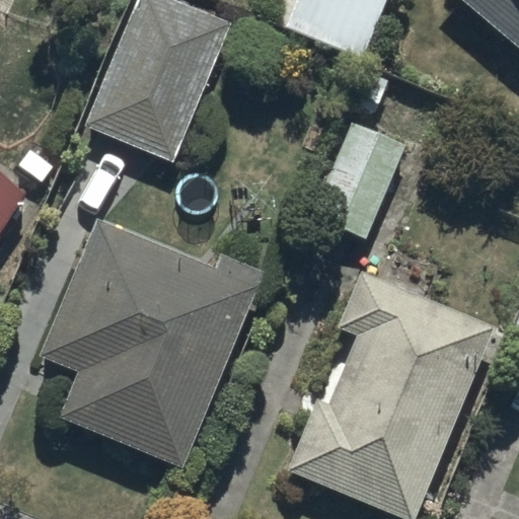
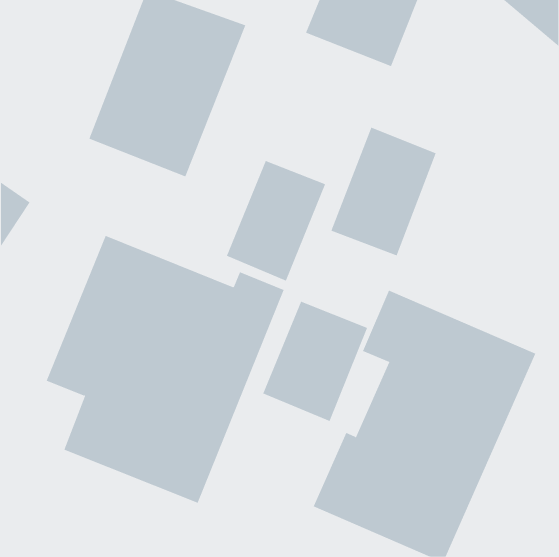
building: none -> [226,160,326,281]
building: none -> [263,301,368,422]

